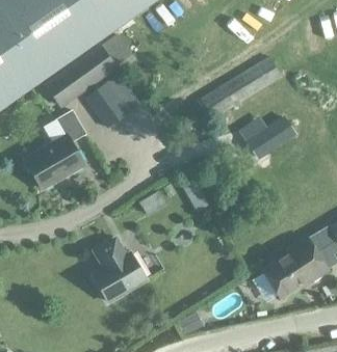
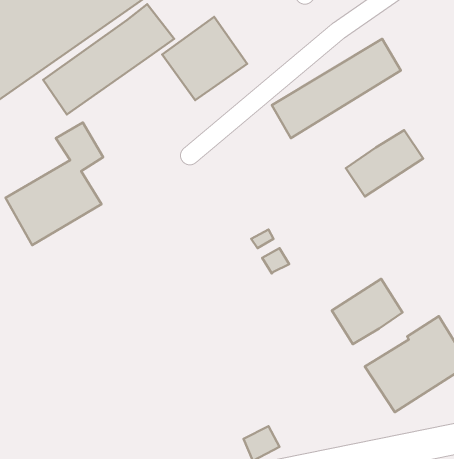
building: [85,72,141,127] -> [162,17,247,100]
building: none -> [332,279,402,344]
building: [90,238,148,303] -> none

